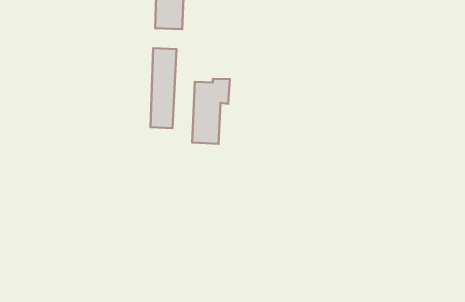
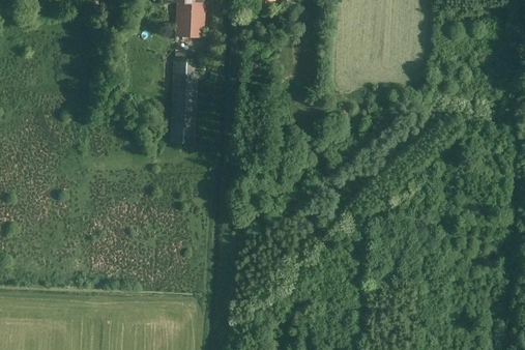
building: [192,79,230,144] -> none

